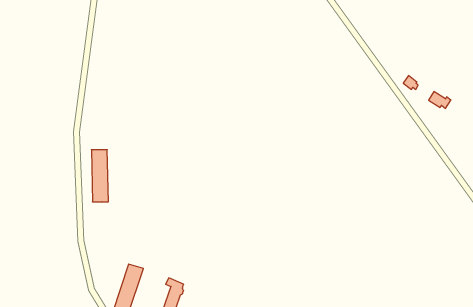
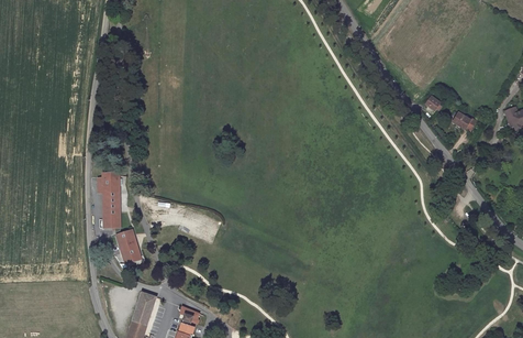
building: none -> [115,231,141,265]

